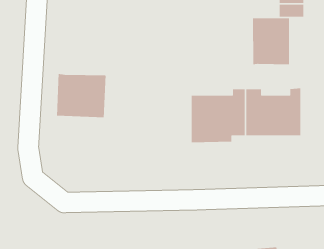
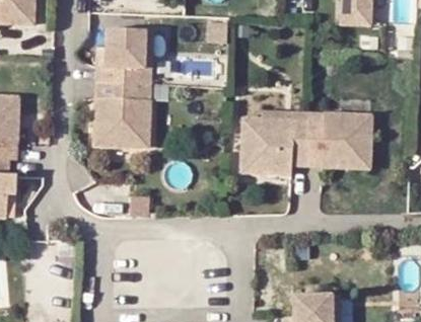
building: none -> [102,26,155,97]
building: [252,17,290,65] -> none

